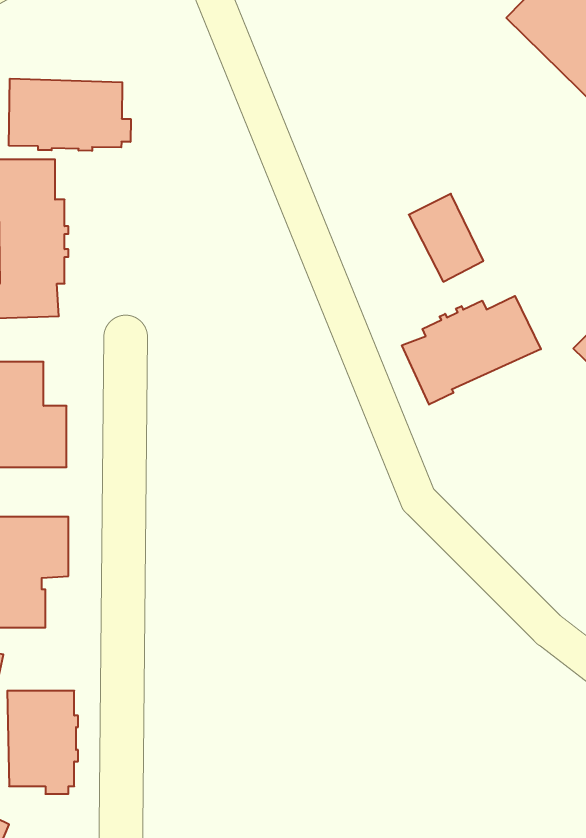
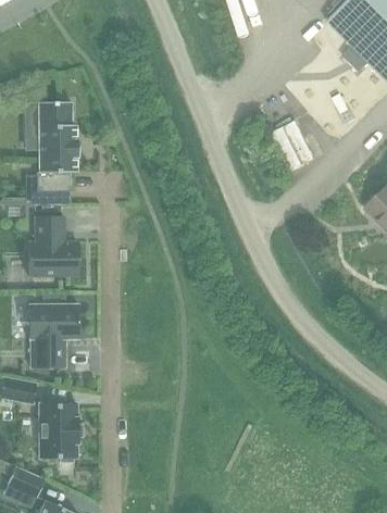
building: [9,79,131,151] -> none
building: [402,296,541,405] -> none

